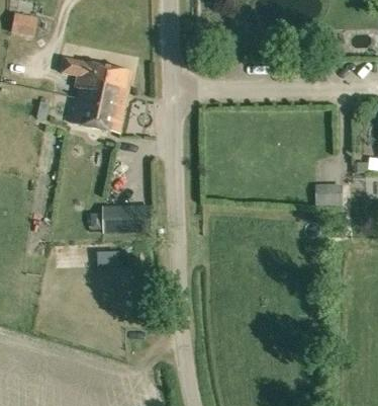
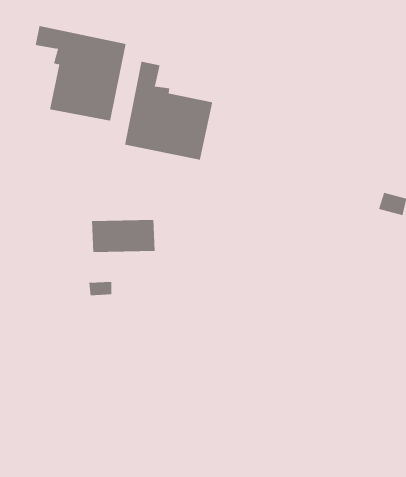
building: none -> [124,61,213,160]

